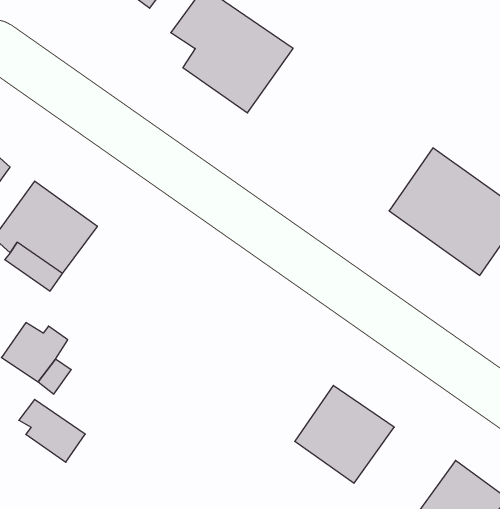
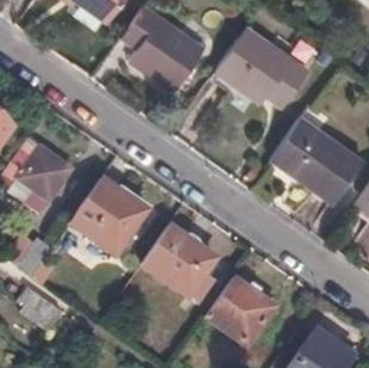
building: none -> [215,26,309,104]
building: none -> [70,179,143,256]
building: none -> [142,227,214,296]

